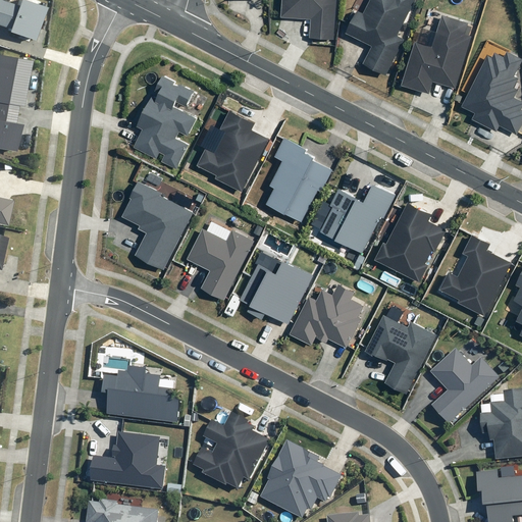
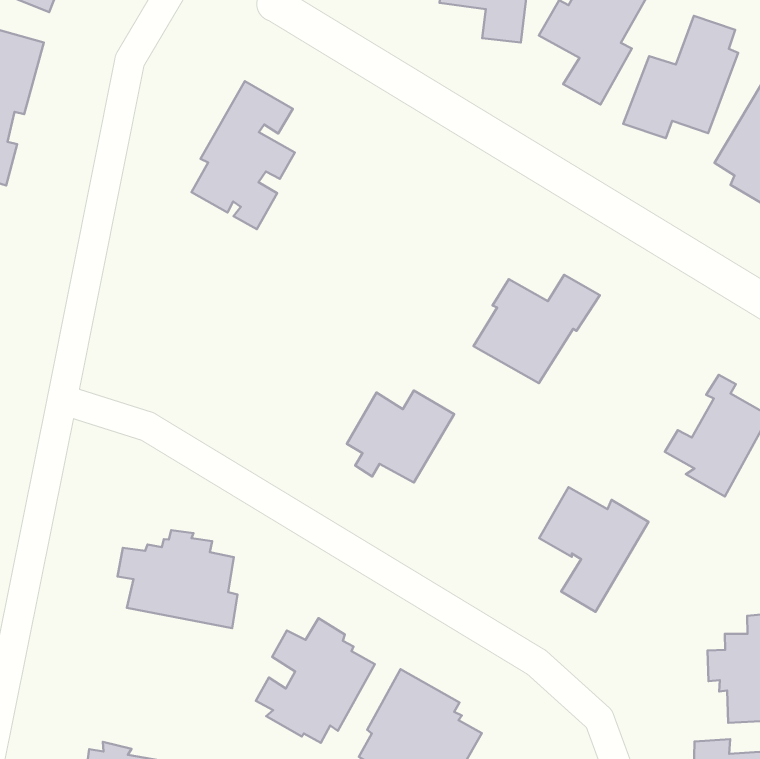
building: [197,111,268,193] -> none
building: [271,137,331,219] -> none
building: [125,178,189,267] -> none
building: [373,203,442,282] -> none
building: [186,222,252,296] -> none
building: [290,279,360,346] -> none
building: [430,352,498,425] -> none
building: [93,433,165,487] -> none

